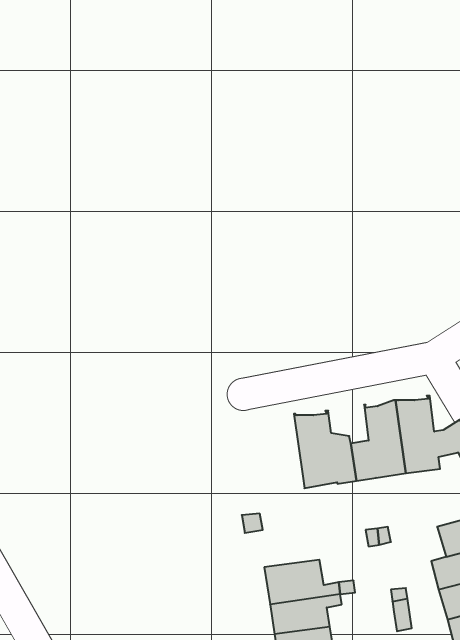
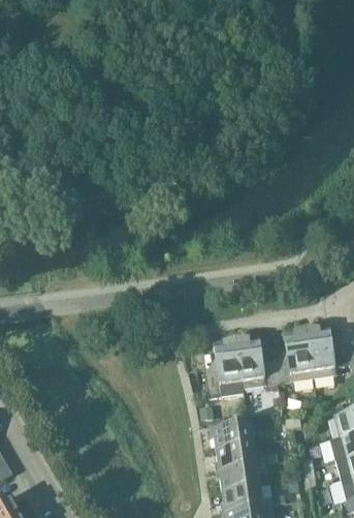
building: none -> [204,337,244,398]
building: none -> [213,422,253,444]

